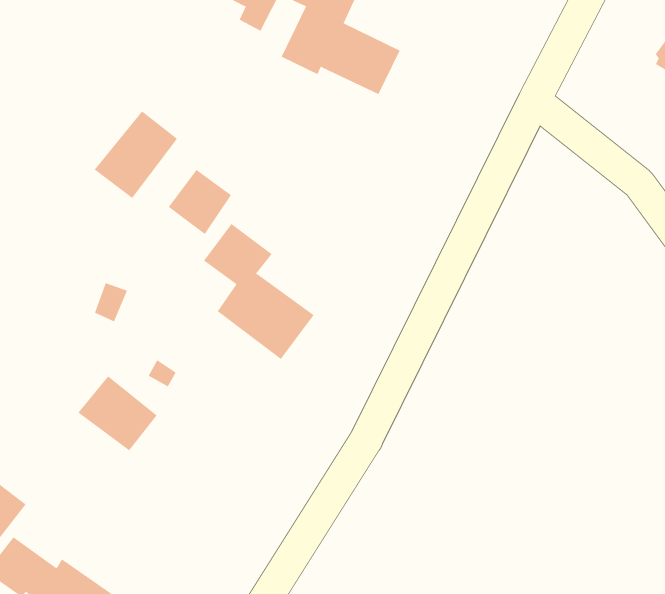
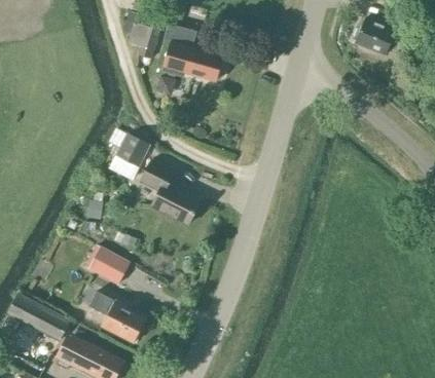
building: [94,110,178,199] -> none
building: none -> [87,291,145,341]

